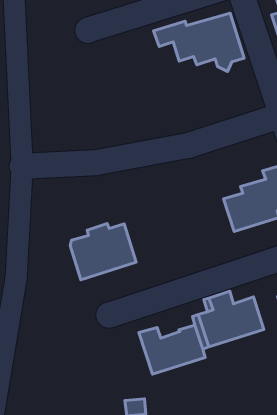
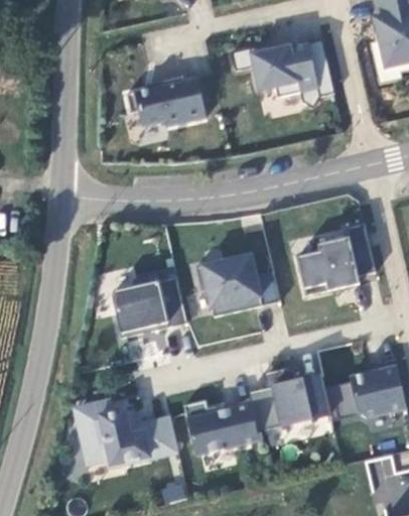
building: none -> [125,77,204,126]
building: none -> [194,254,279,316]
building: none -> [78,399,177,464]

